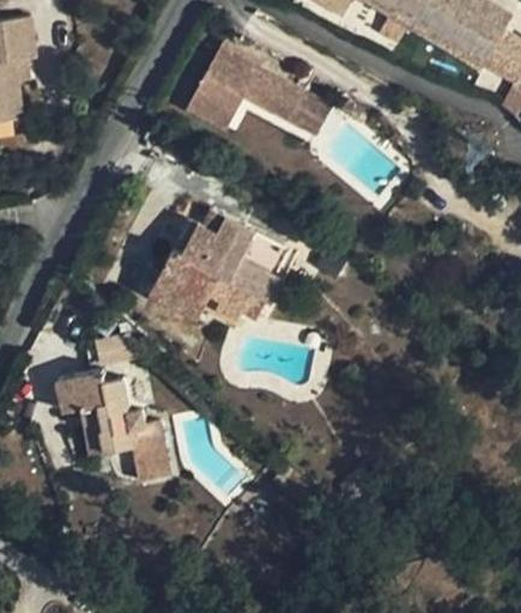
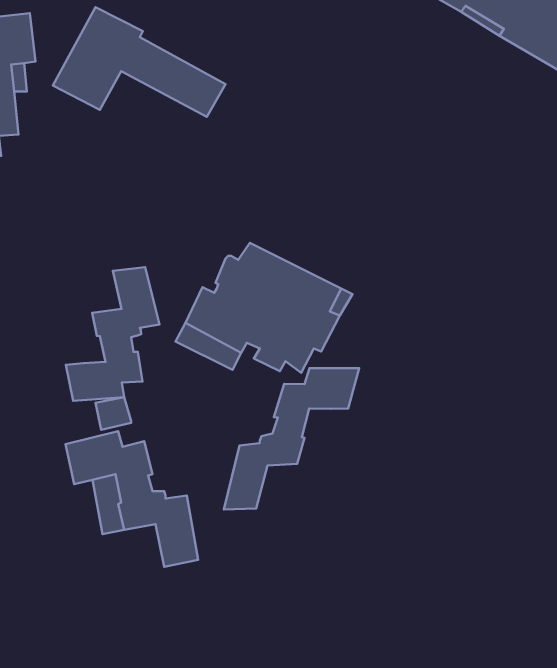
building: [188,43,333,135] -> [53,7,226,117]
building: none -> [66,267,159,401]
building: none -> [224,368,359,510]

